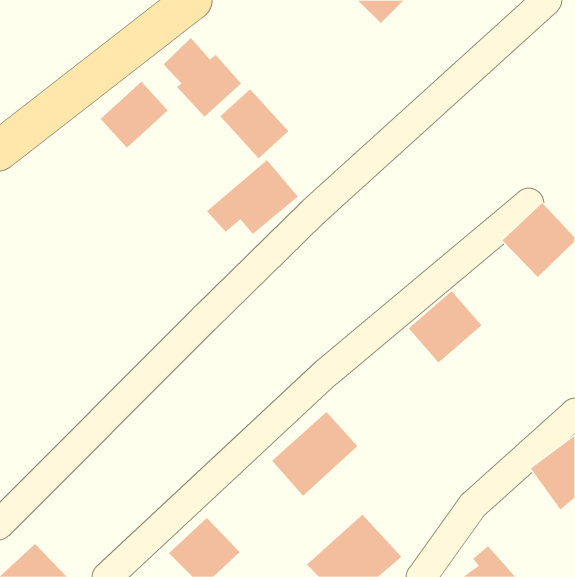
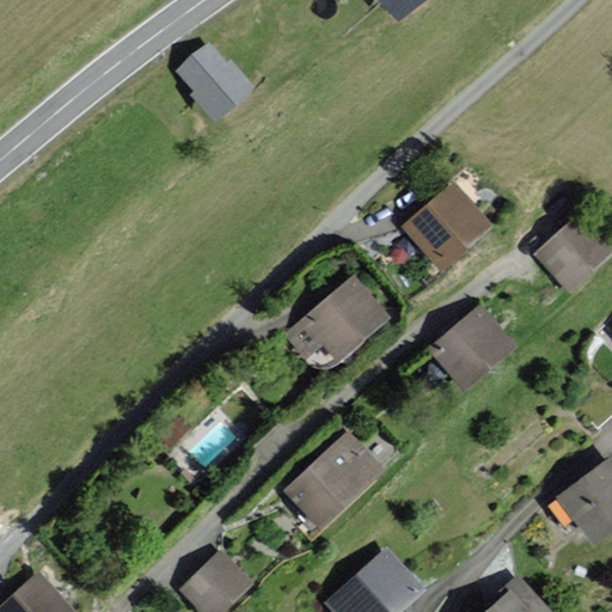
building: [100,81,169,149] -> none
building: [220,88,289,159] -> none
building: [206,159,299,235] -> [288,277,386,357]
building: none -> [402,182,494,274]

